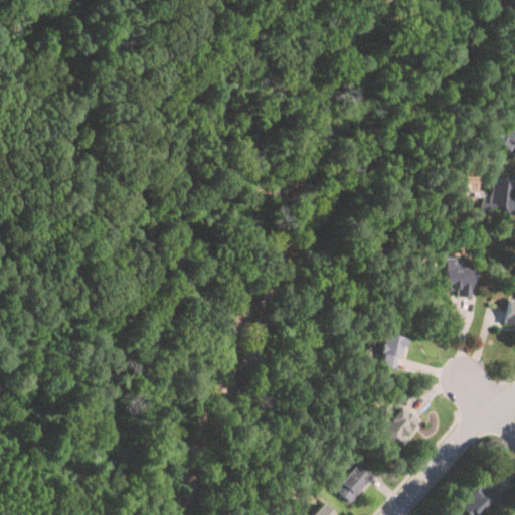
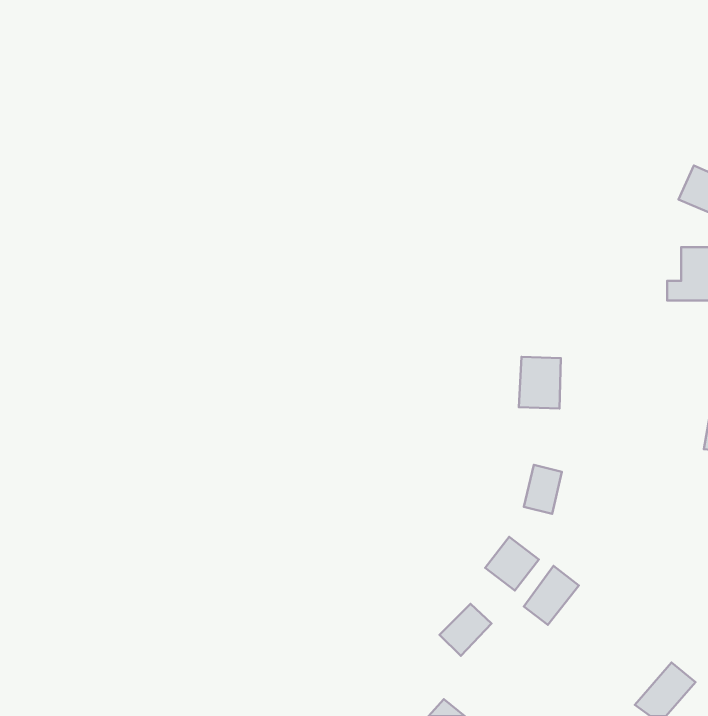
building: [446,256,476,294] -> [519,357,561,409]
building: none -> [485,537,539,590]
building: [339,463,376,500] -> [440,604,492,656]

